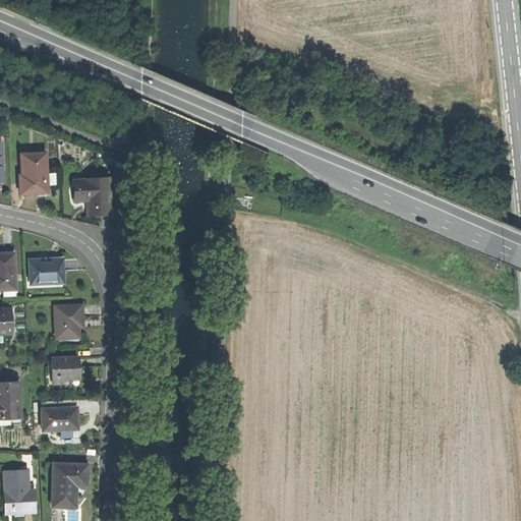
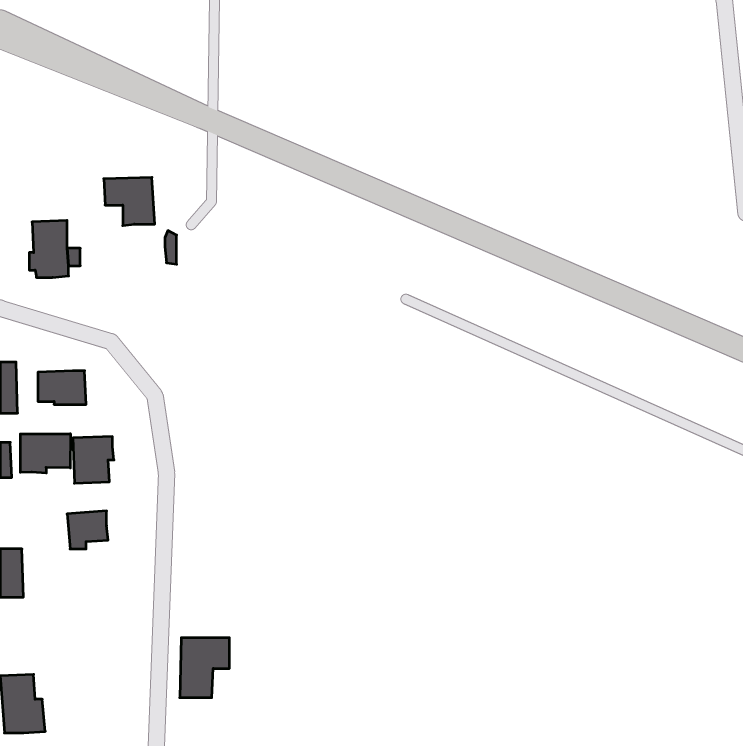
building: [76,180,112,214] -> [104,177,155,226]
building: none -> [20,434,70,473]
building: [40,406,75,429] -> none
building: [52,462,86,504] -> [180,638,229,698]

